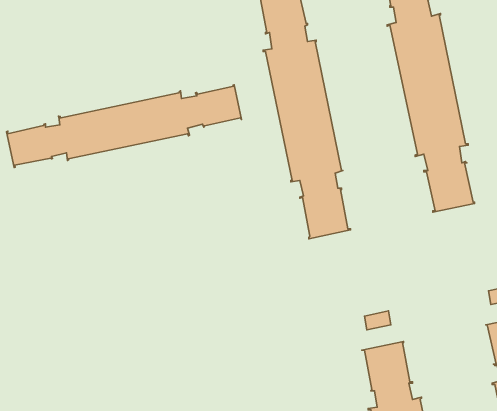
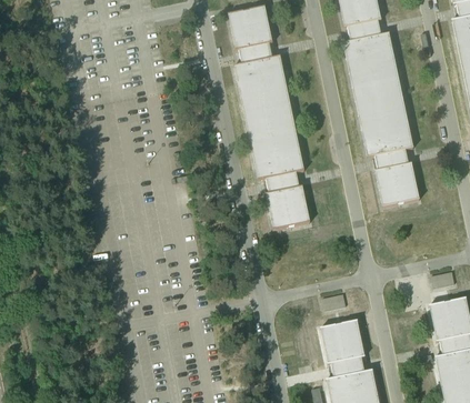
building: [7,85,241,167] -> none

